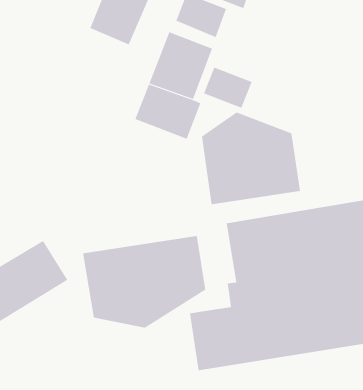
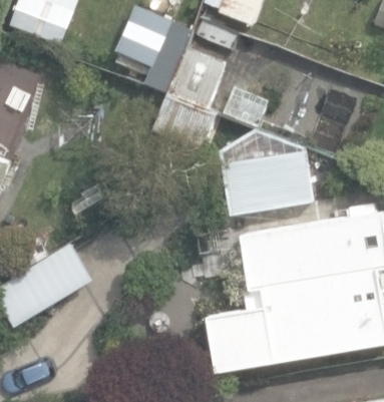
building: [83,235,206,328] -> none

